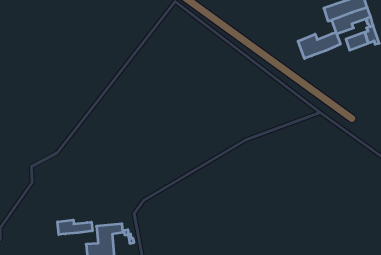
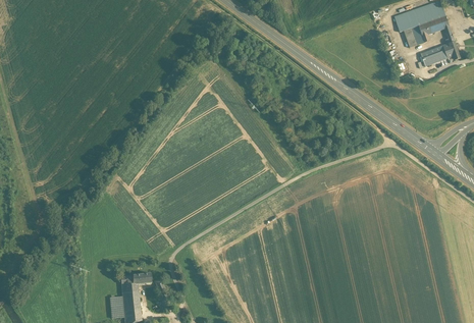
building: [298,32,340,59] -> none
building: [58,220,92,235] -> none

